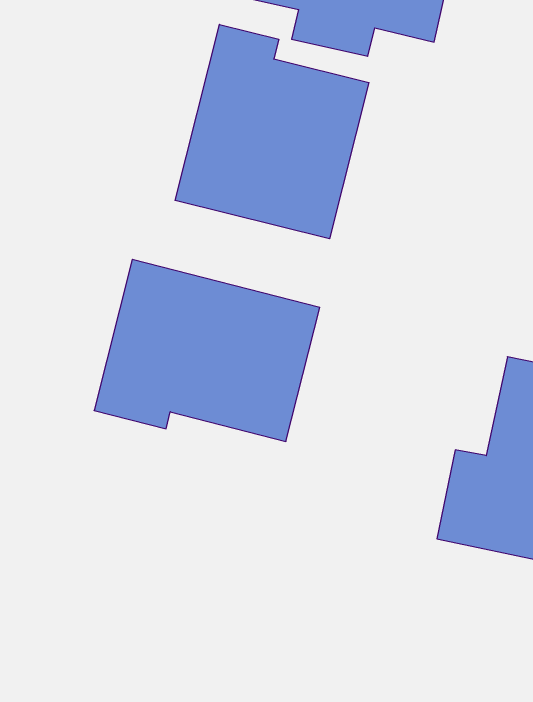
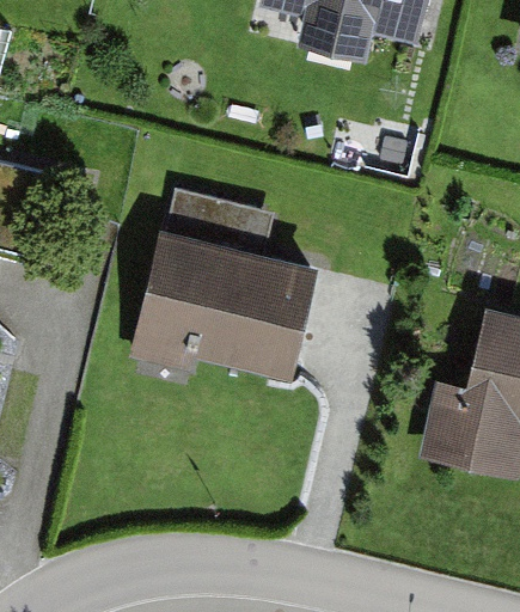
building: [175,24,369,239] -> none

